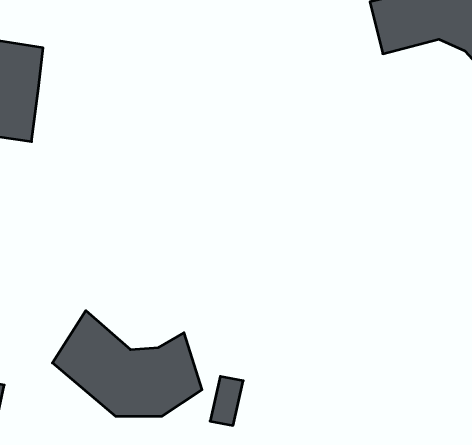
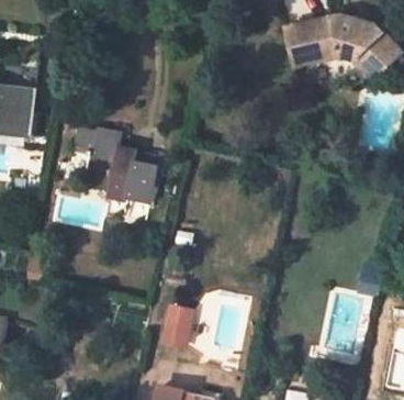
building: none -> [74,127,157,202]
building: [52,311,202,416] -> none

